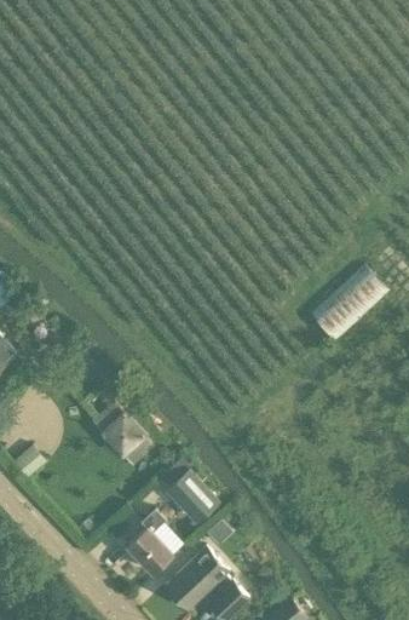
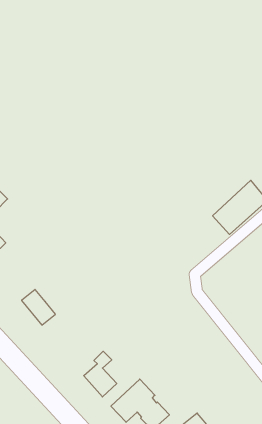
building: [98,411,146,461] -> [22,289,55,325]
building: [157,460,218,524] -> none

